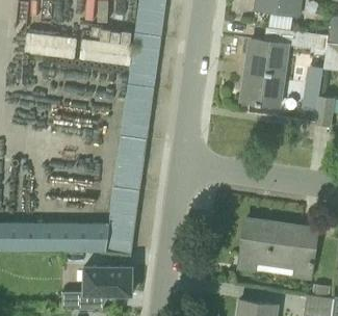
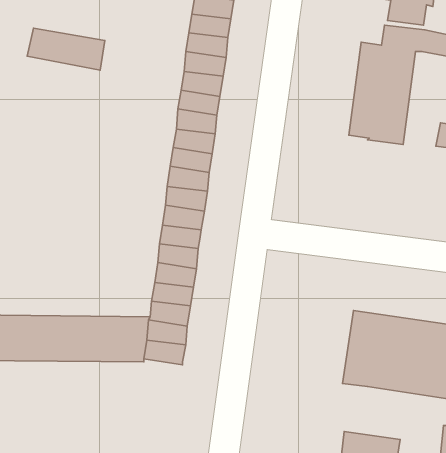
building: [62,266,134,309] -> none

